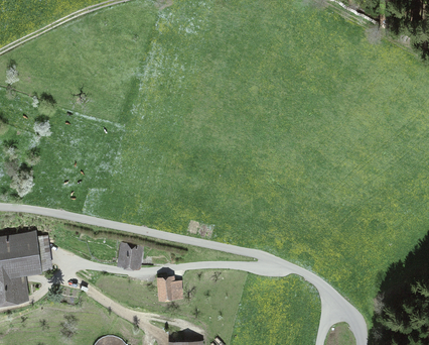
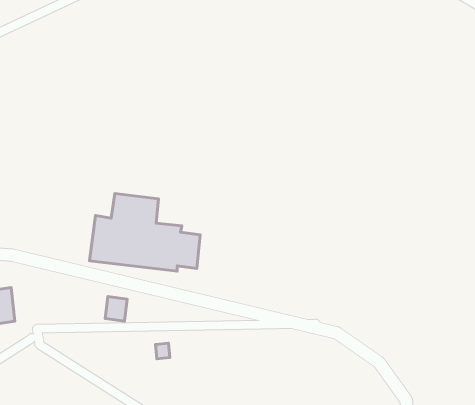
building: none -> [90,194,200,271]

